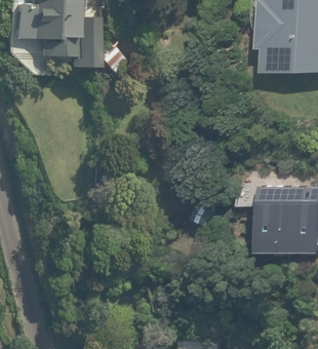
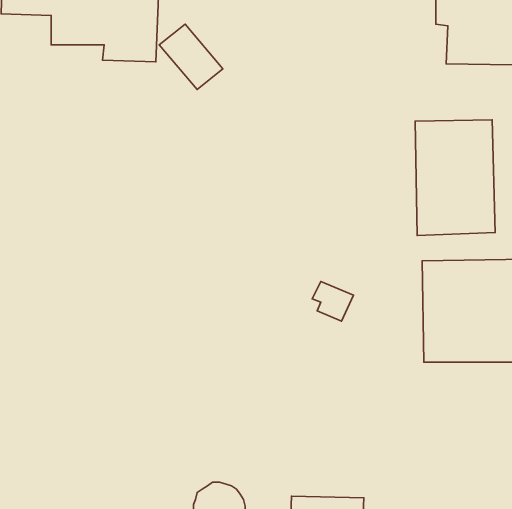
building: none -> [415,120,495,236]

